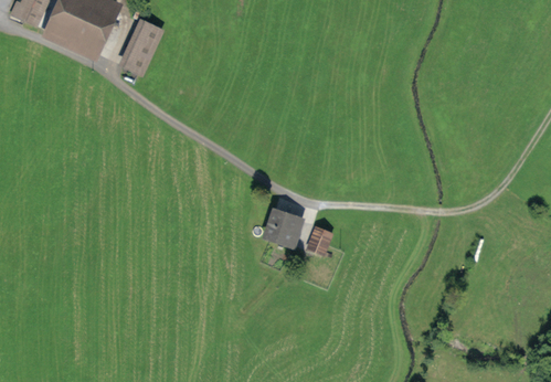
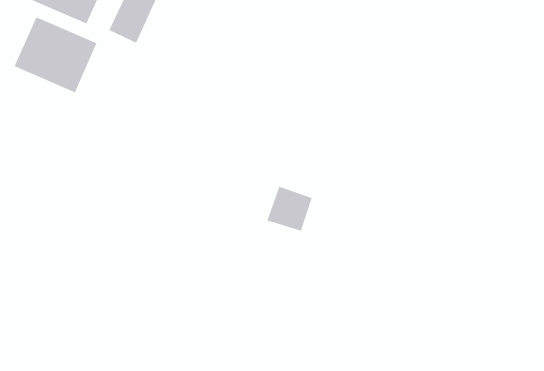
building: none -> [14,16,97,93]
building: [305,225,331,256] -> none

